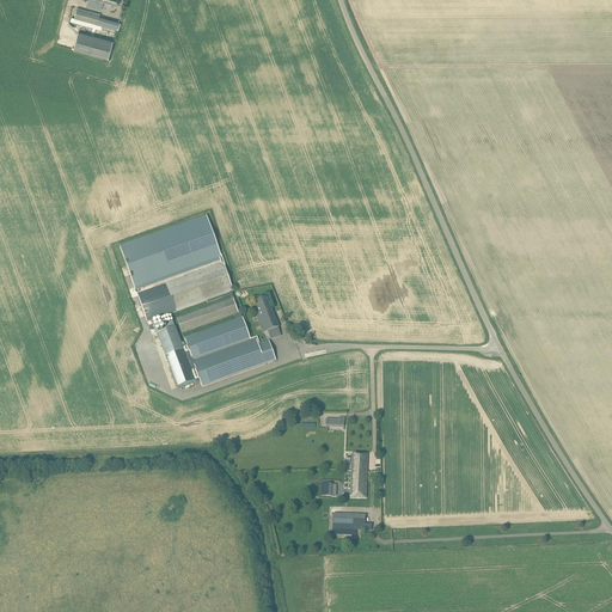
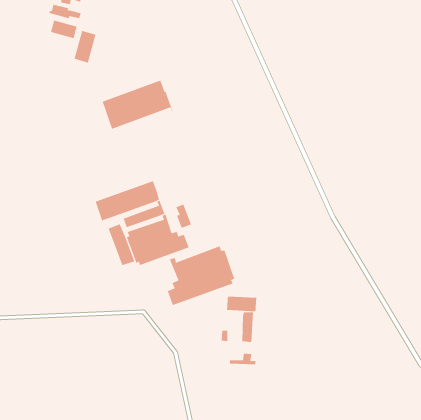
building: none -> [74,30,96,63]
building: [120,214,230,286] -> [102,80,177,129]
building: none -> [167,245,236,306]
building: none -> [226,296,257,312]

